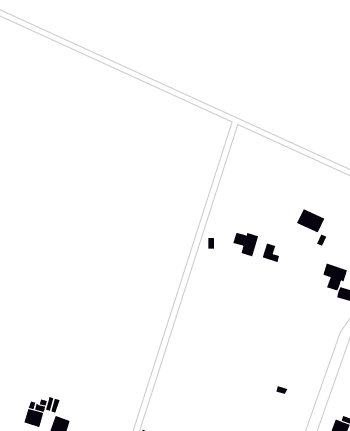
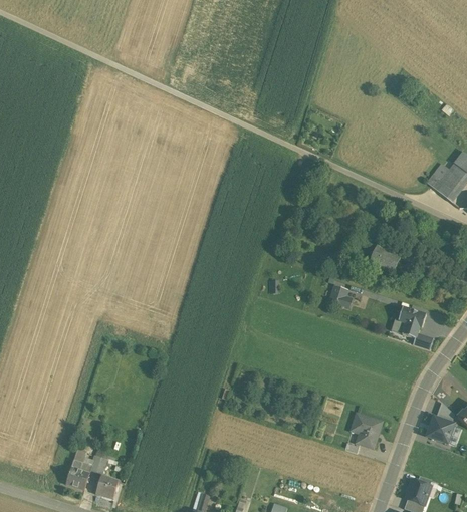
building: [233,232,259,257] -> none
building: none -> [354,413,382,447]

